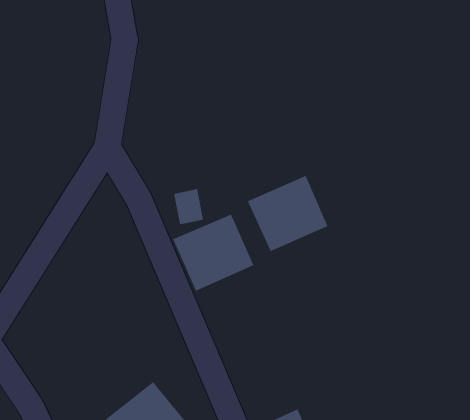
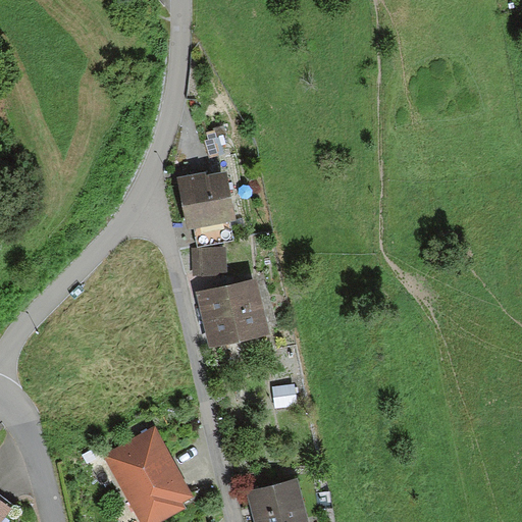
building: none -> [176,169,237,228]
building: [247,175,329,252] -> none

